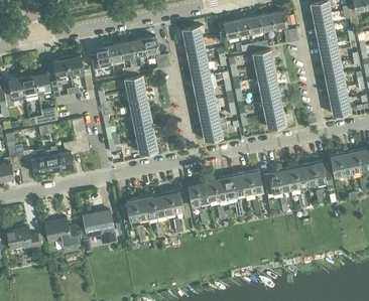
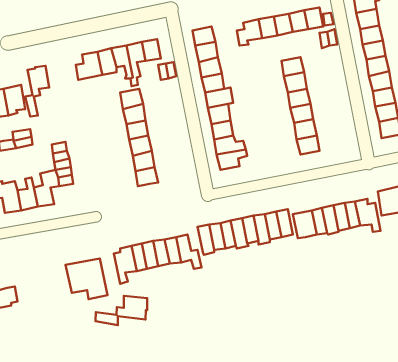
building: [67,55,93,91] -> none
building: [45,219,80,253] -> none
building: none -> [96,296,147,325]

